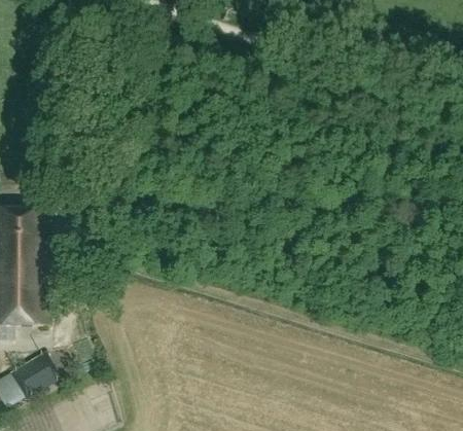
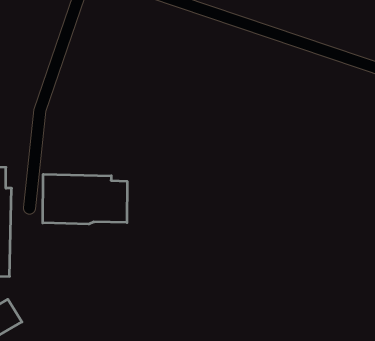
building: none -> [43,174,127,224]

